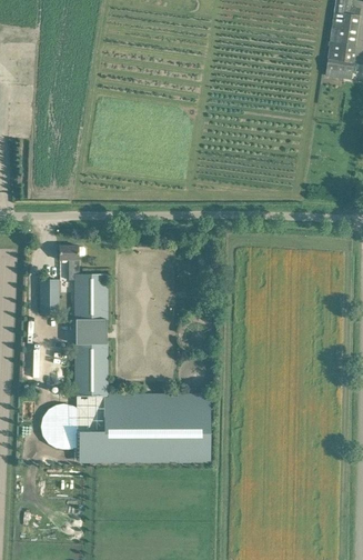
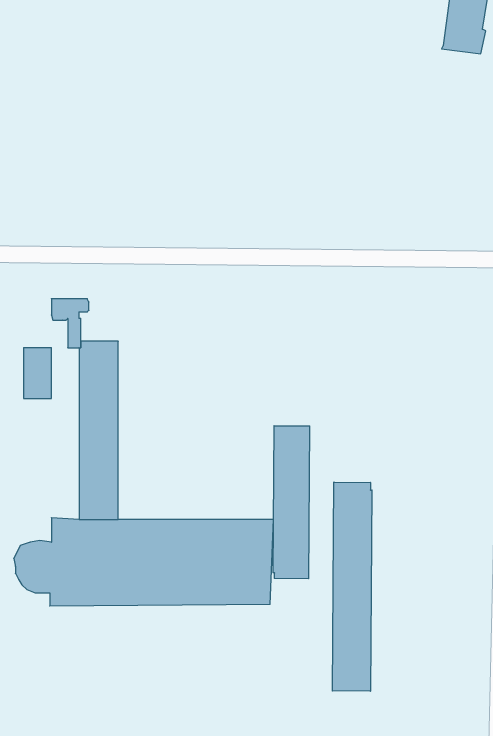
building: none -> [273,426,310,579]
building: none -> [332,482,372,691]

